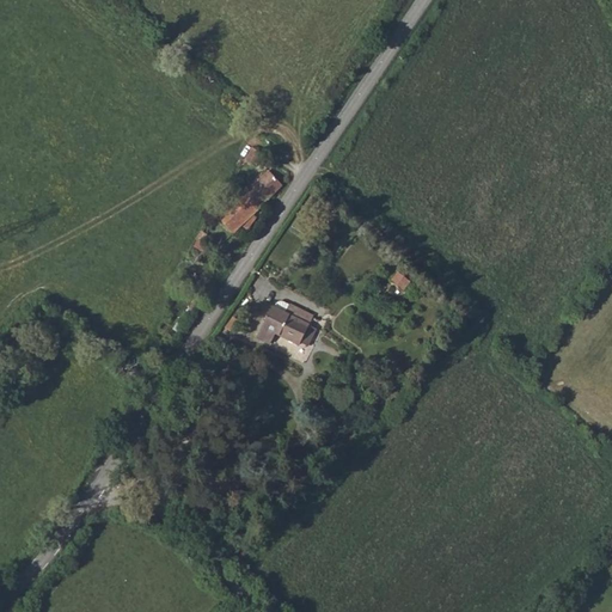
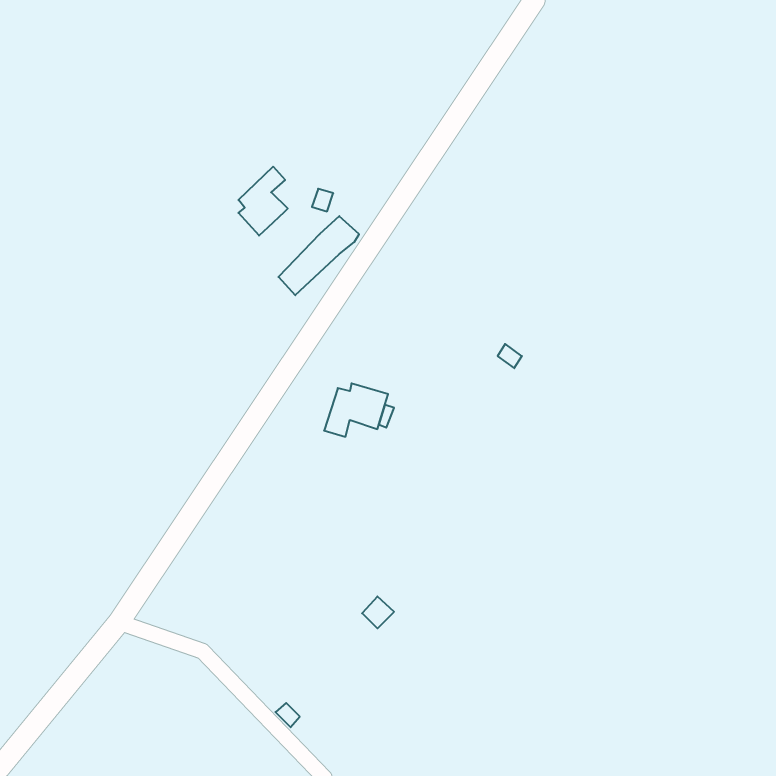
building: none -> [238,167,288,236]

